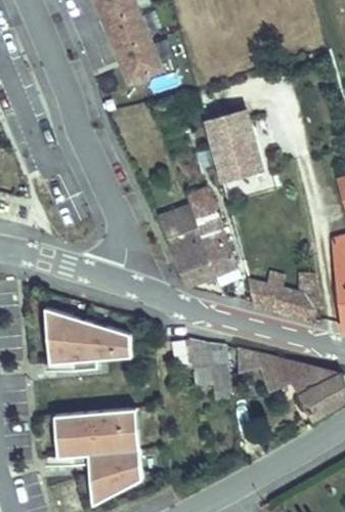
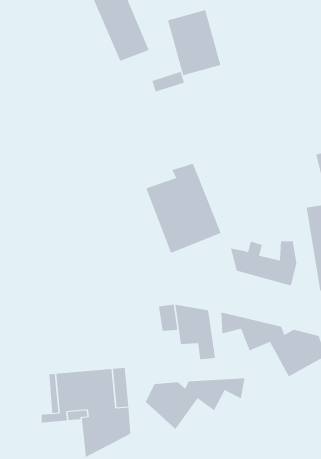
building: [203,110,260,180] -> [167,10,221,76]
building: [47,307,131,372] -> none
building: none -> [145,377,245,430]

